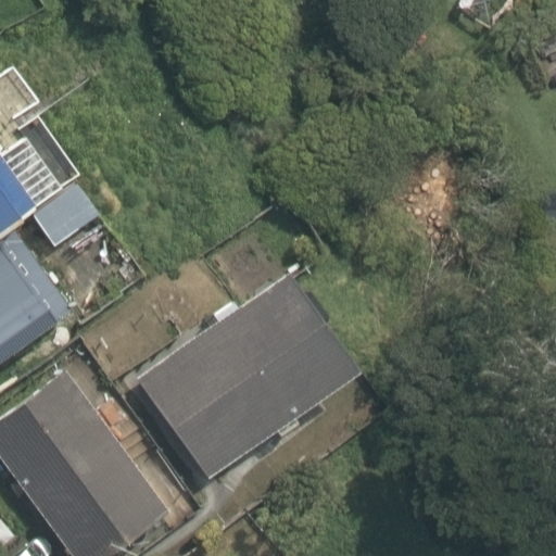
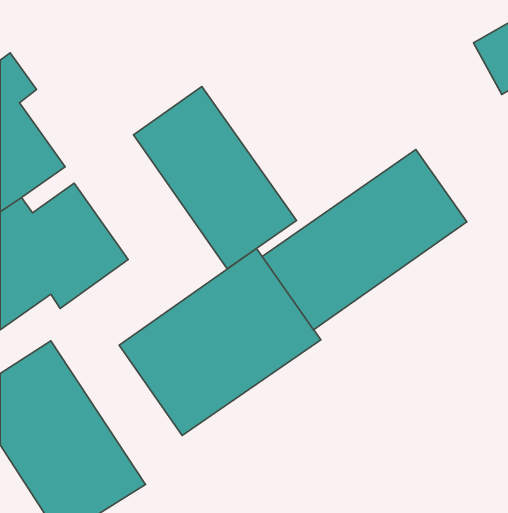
building: none -> [133,87,296,269]
building: none -> [262,149,467,330]

